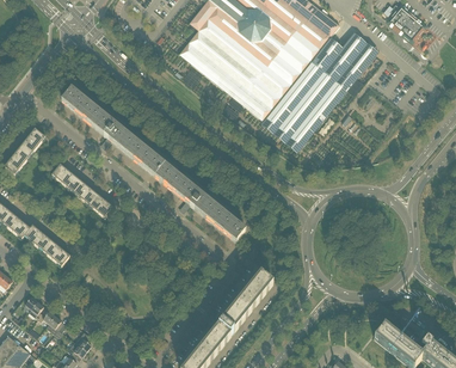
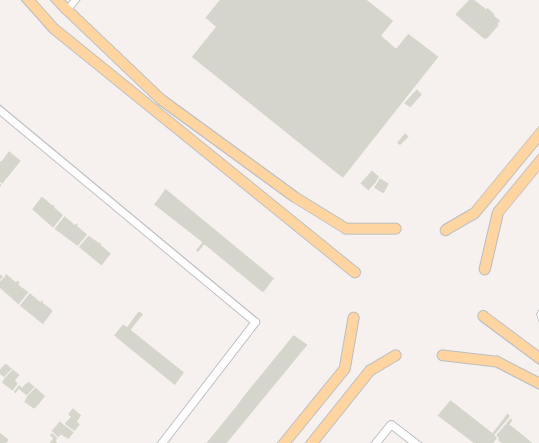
building: [61,86,158,170] -> none
building: none -> [113,311,185,386]

